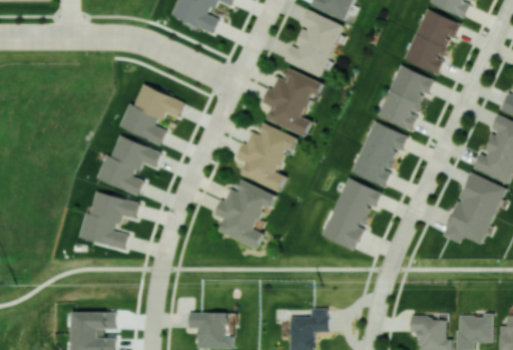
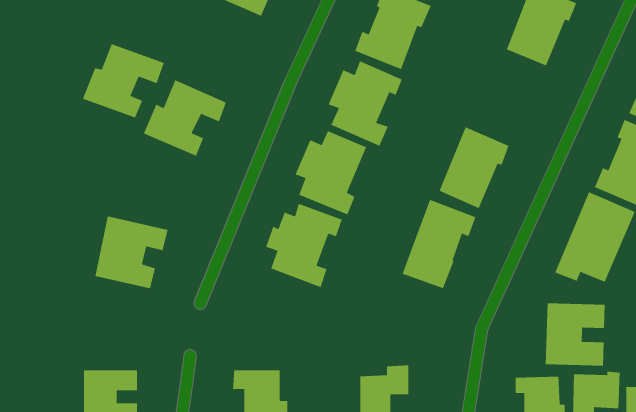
building: [378,64,435,129] -> none
building: [96,135,161,195] -> [82,43,165,118]
building: none -> [545,303,606,367]

